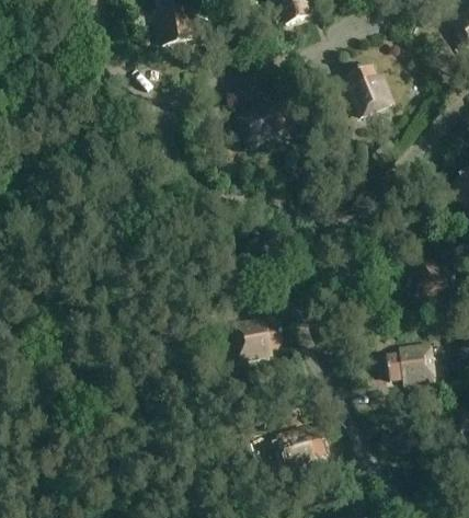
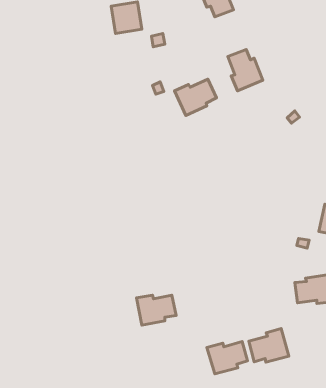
building: [348,64,392,115] -> [228,49,263,91]
building: [236,320,285,357] -> [137,295,176,325]
building: none -> [249,328,289,362]

